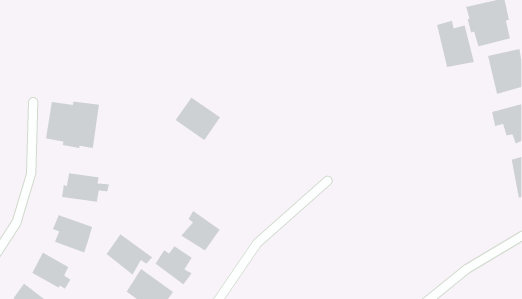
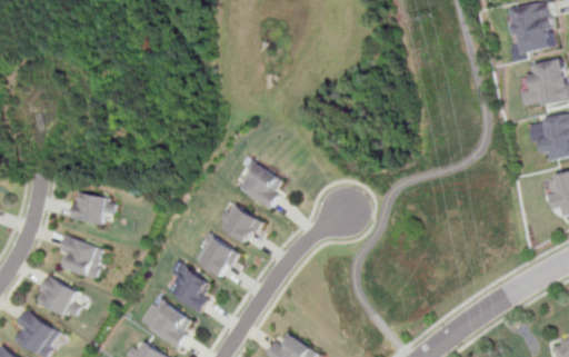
building: [436,20,475,68] -> none
building: [175,96,221,141] -> [239,160,289,208]
building: [45,101,100,149] -> none
building: none -> [220,201,264,244]
building: [105,233,153,276] -> none

